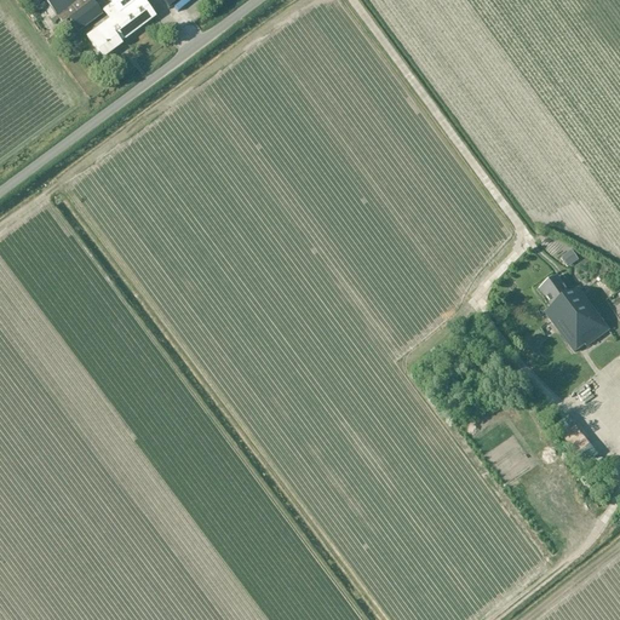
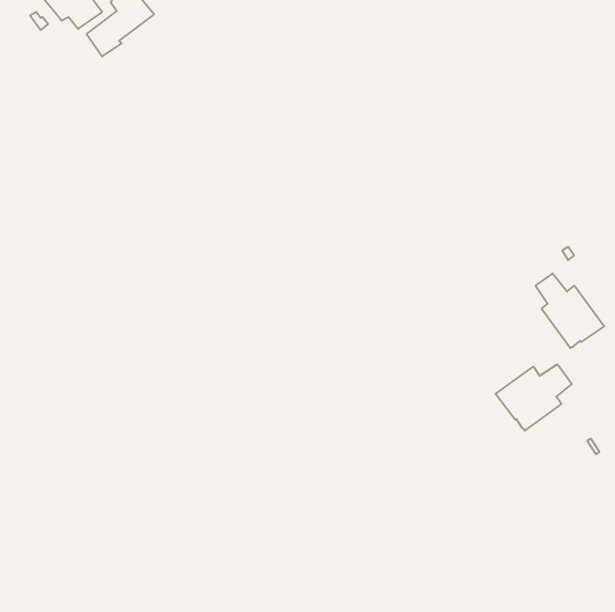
building: none -> [495,364,572,431]

